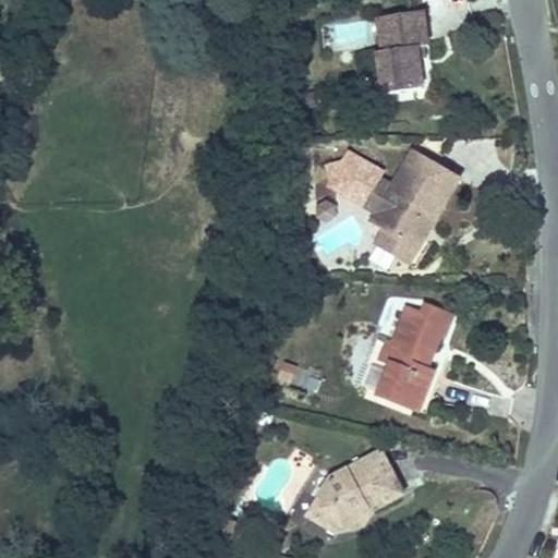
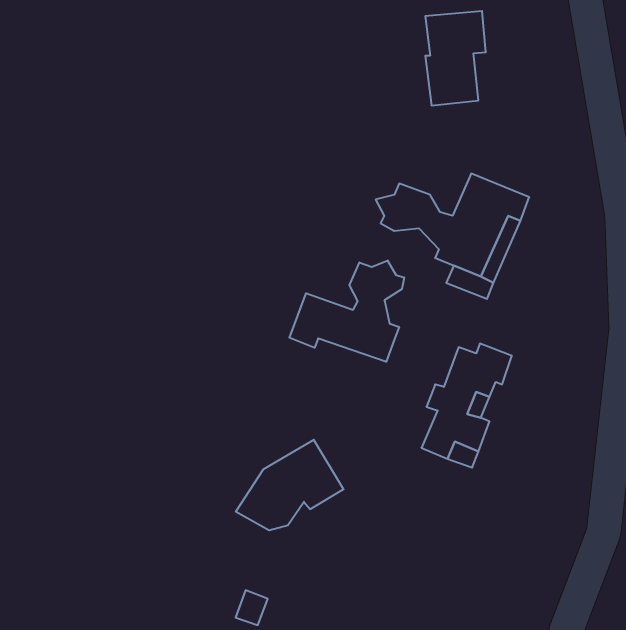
building: none -> [289,260,404,362]
building: [305,450,400,530] -> [236,440,344,530]

